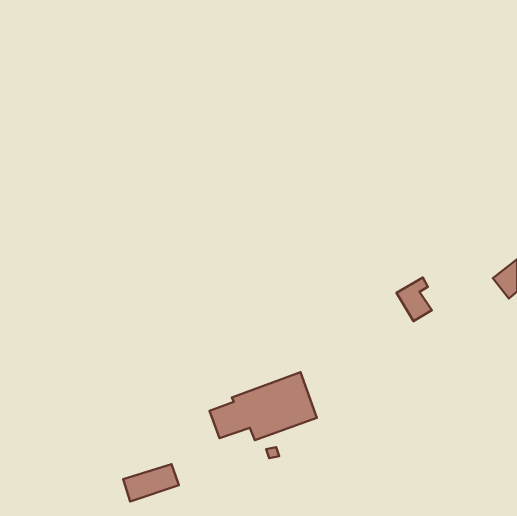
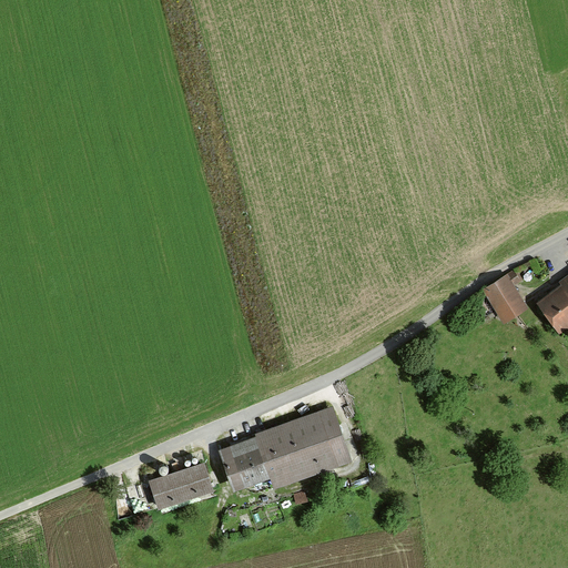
building: [396,278,432,321] -> [484,272,523,320]
building: [123,464,179,501] -> [149,466,210,507]

